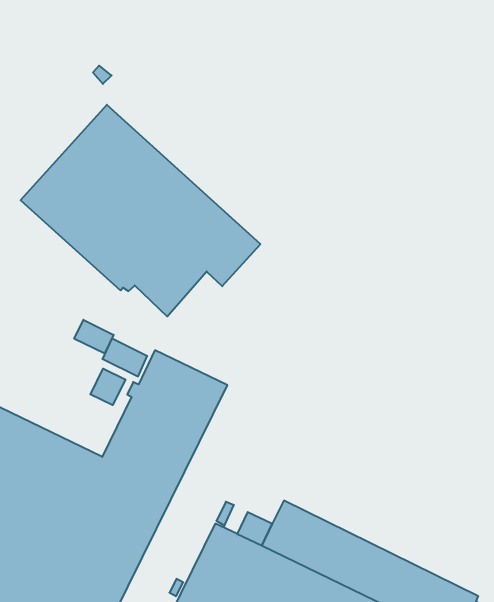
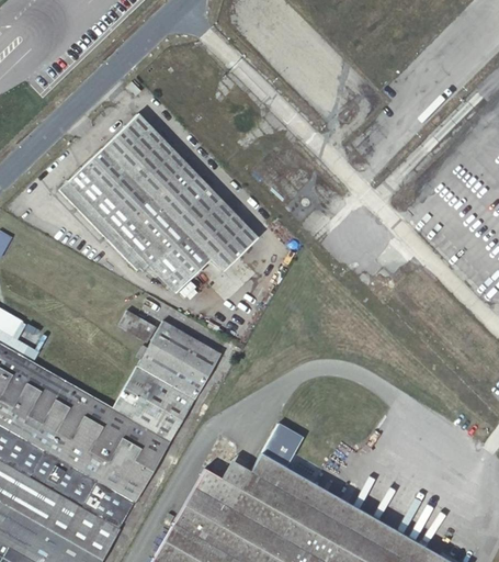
building: [74,320,114,354] -> none
building: [90,369,125,405] -> none
building: none -> [261,425,303,468]

